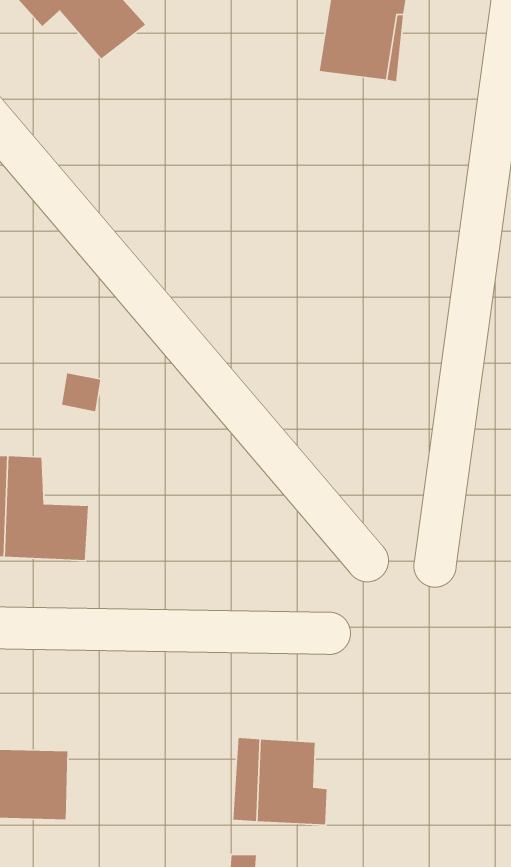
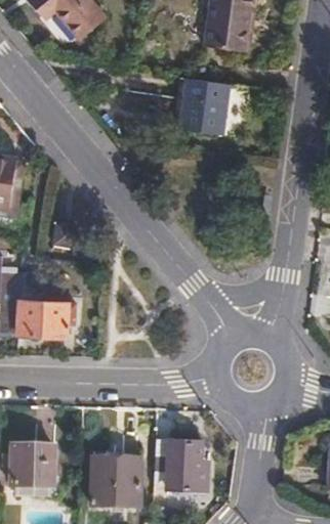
building: none -> [176,77,229,134]
building: none -> [95,460,142,506]

